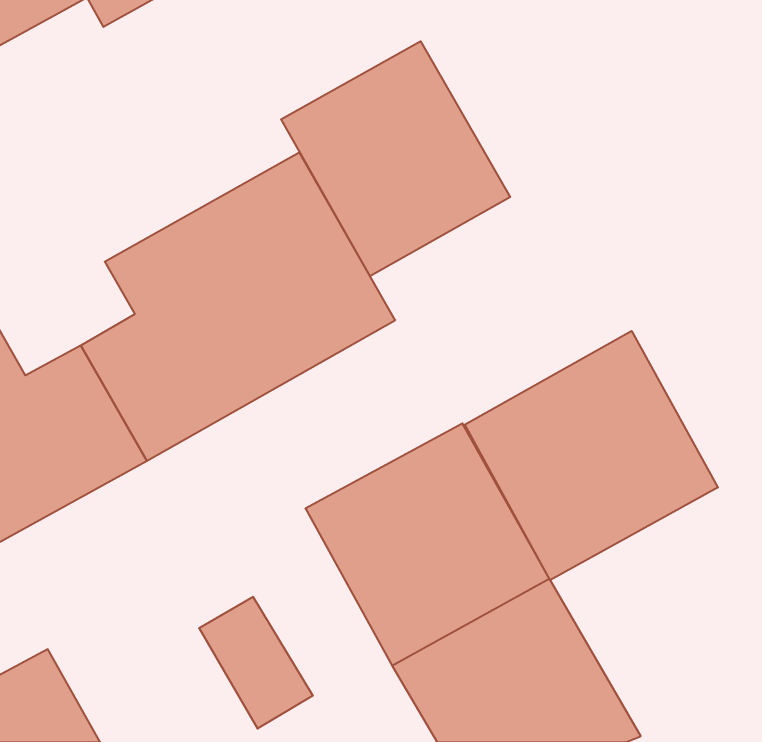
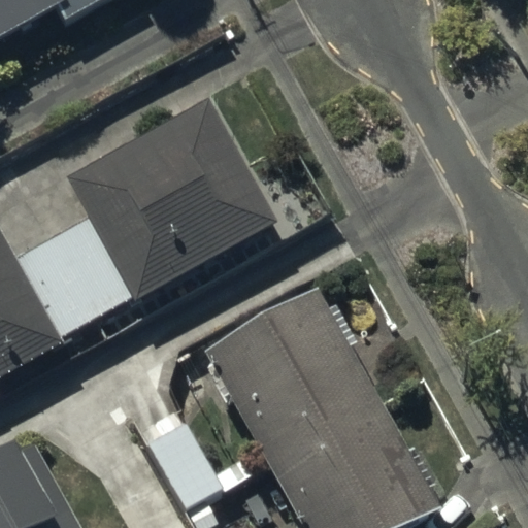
building: [281,41,510,276] -> none
building: [465,331,718,580] -> none

